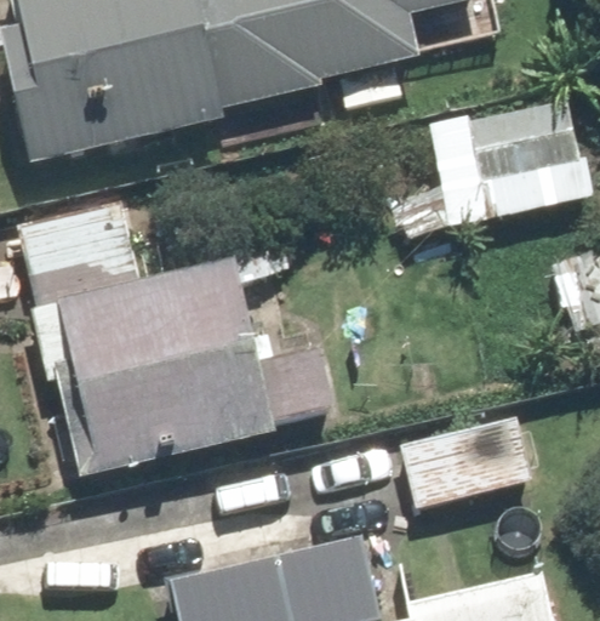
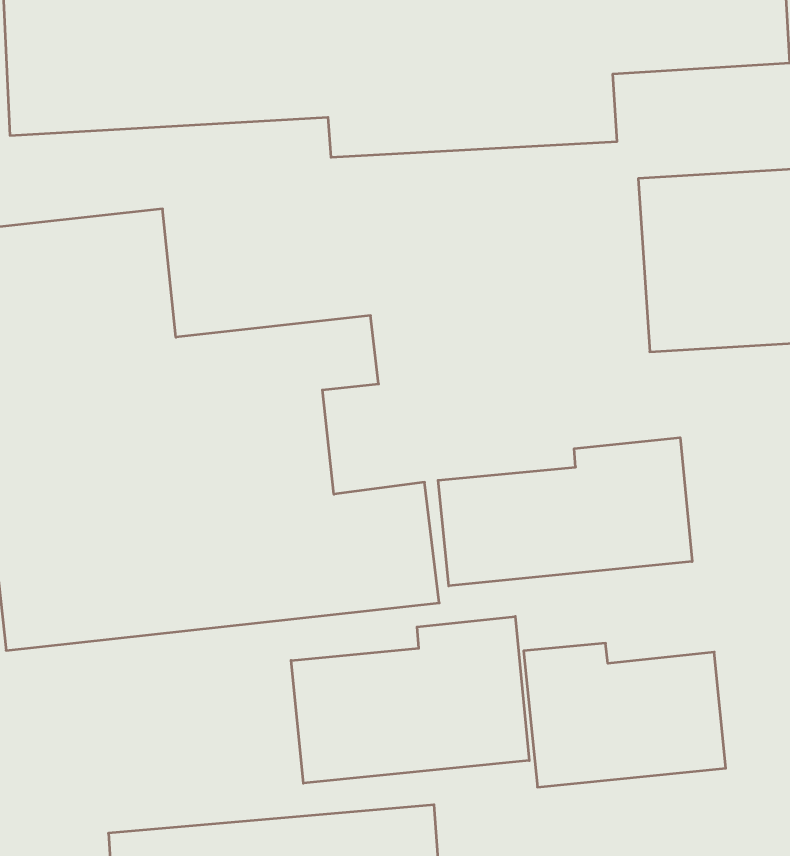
building: none -> [438,438,692,586]
building: none -> [291,616,529,783]

